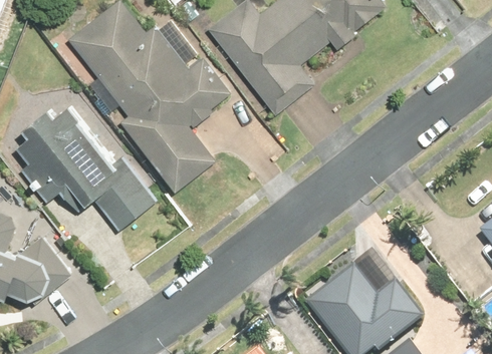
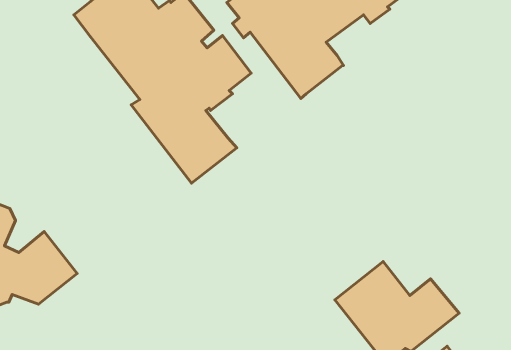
building: [15,106,159,232] -> none

